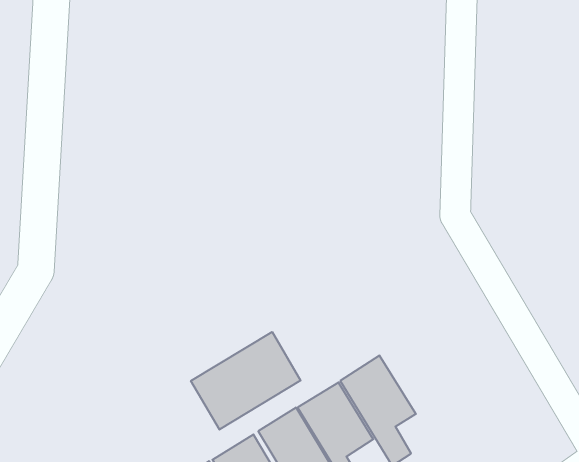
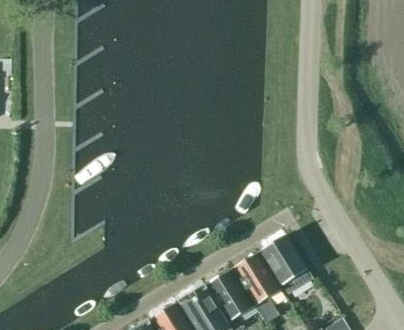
building: none -> [261,236,313,295]
building: [191,332,301,430] -> none

